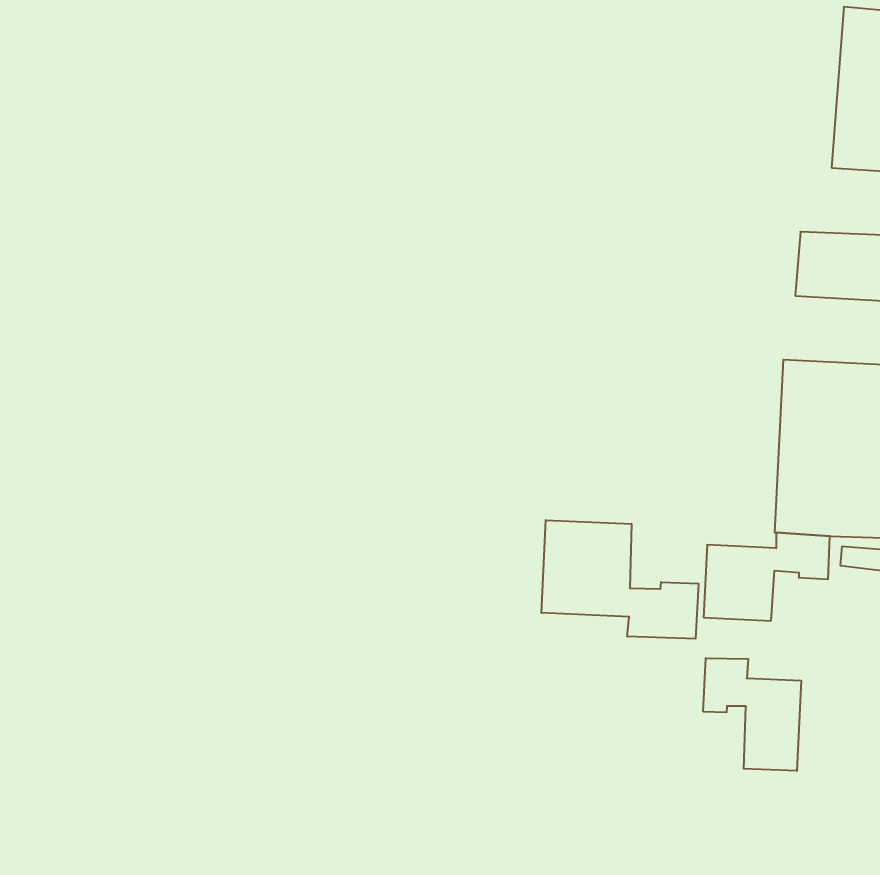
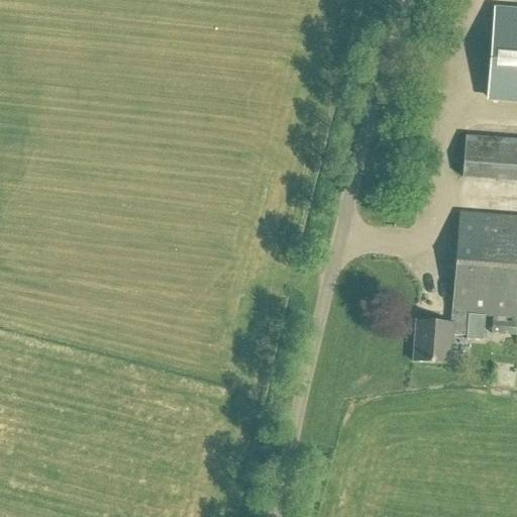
building: [541,520,699,639] -> none
building: [703,658,801,771] -> none

